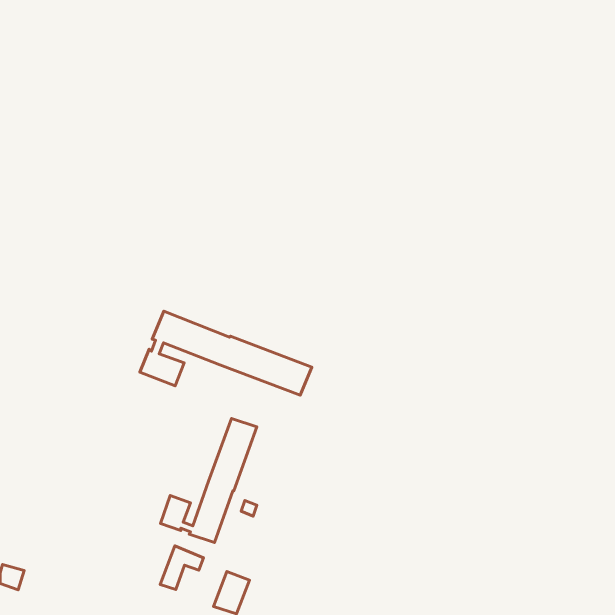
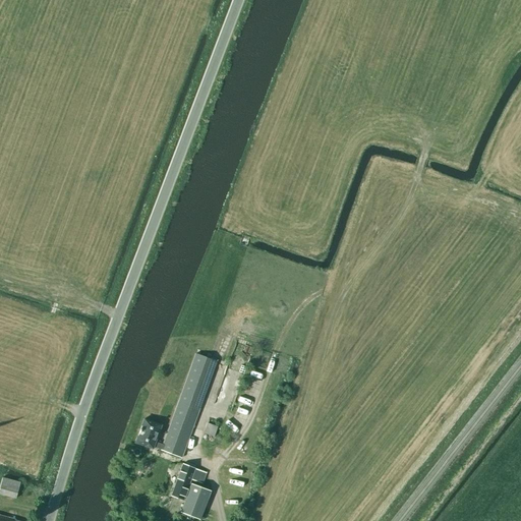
building: [140,311,312,395] -> none
building: [160,546,204,589] -> [171,462,208,499]

